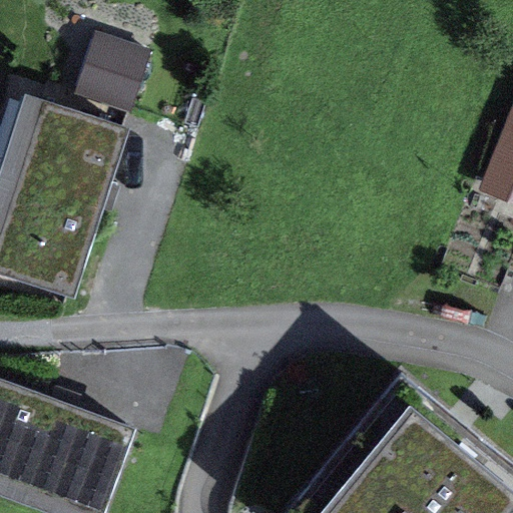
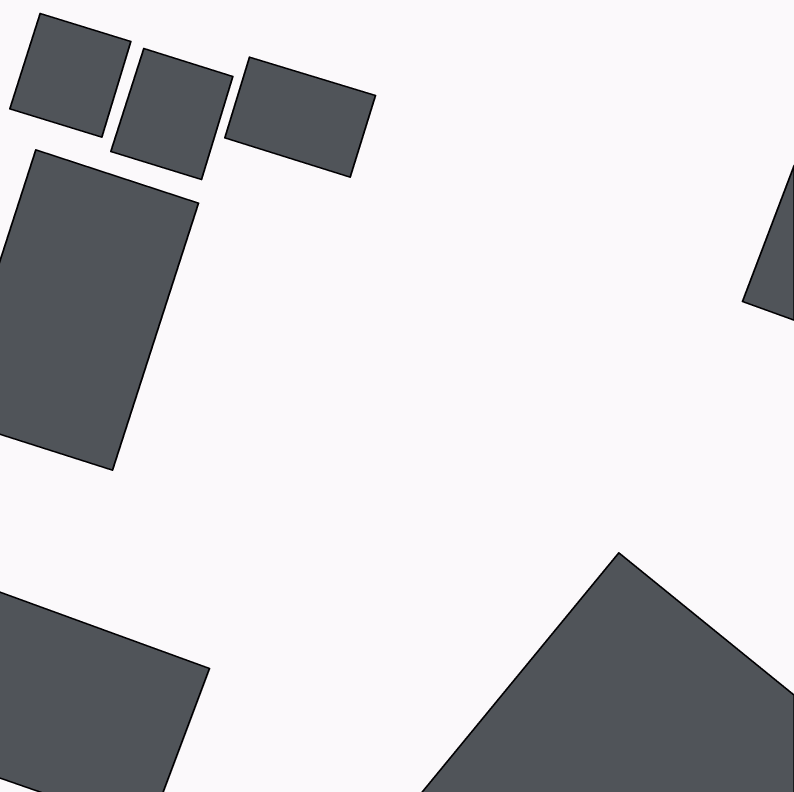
building: none -> [10,14,131,137]
building: none -> [225,57,375,177]

